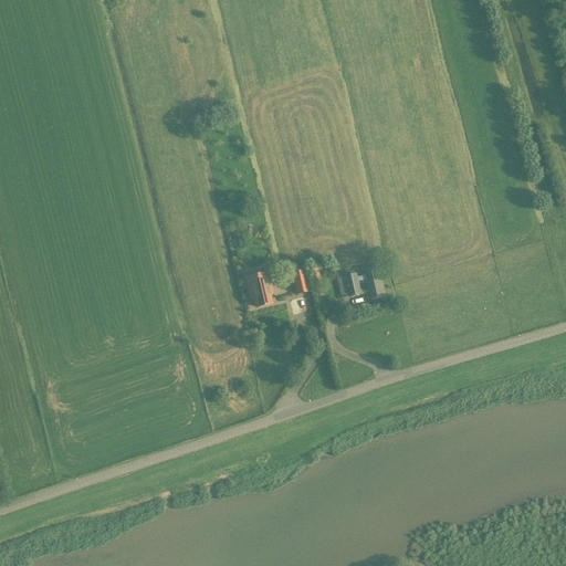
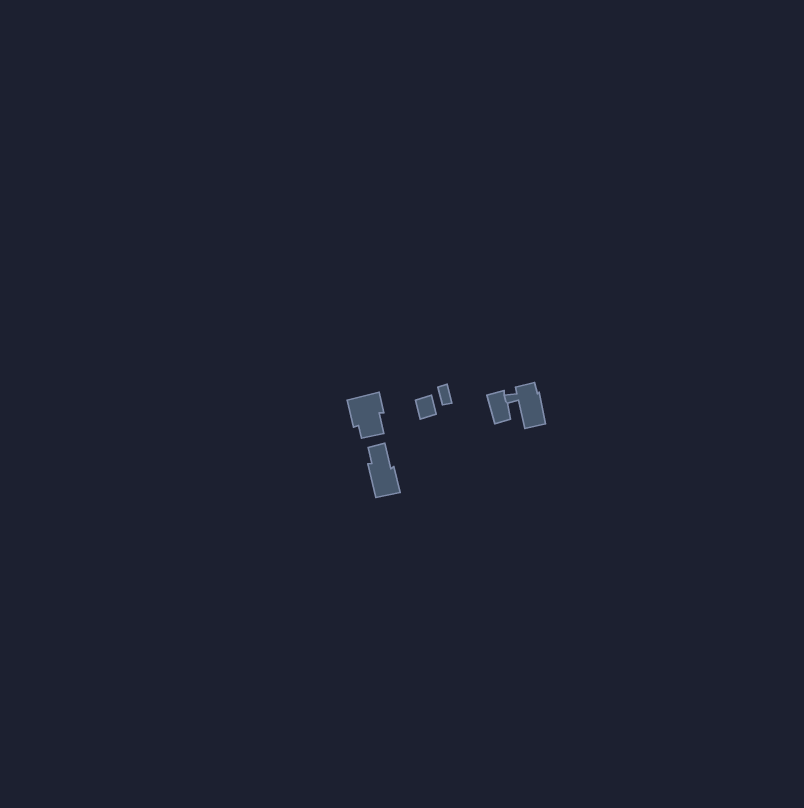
building: none -> [368,443,400,498]

